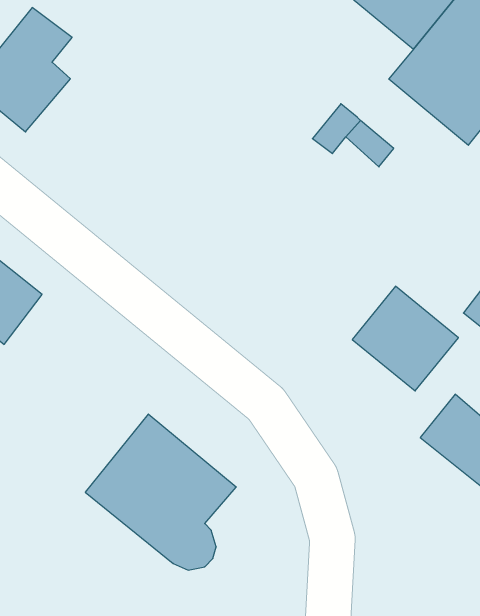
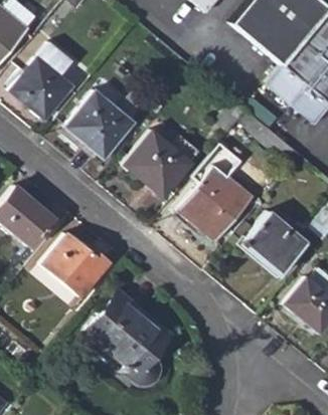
building: none -> [65,91,134,159]
building: none -> [126,132,196,197]
building: none -> [179,167,255,240]
building: none -> [44,234,110,296]

